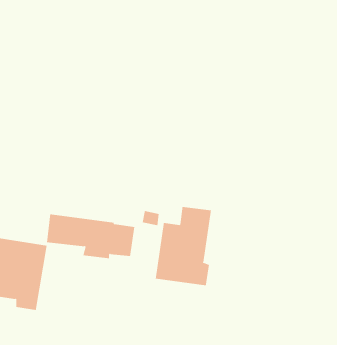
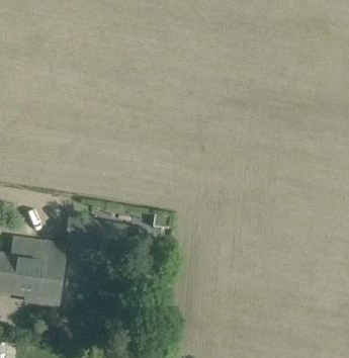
building: [155,206,211,286] -> none

